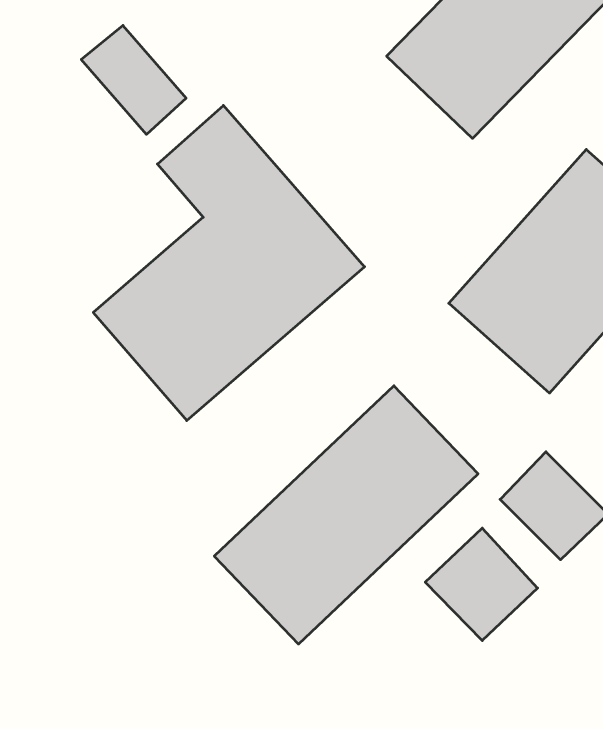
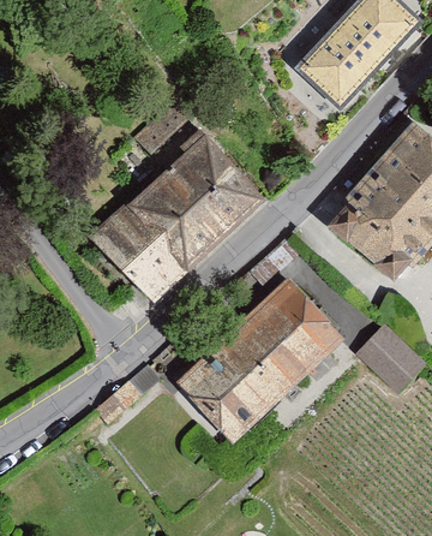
building: [81,25,186,134] -> none
building: [425,528,538,641] -> none

